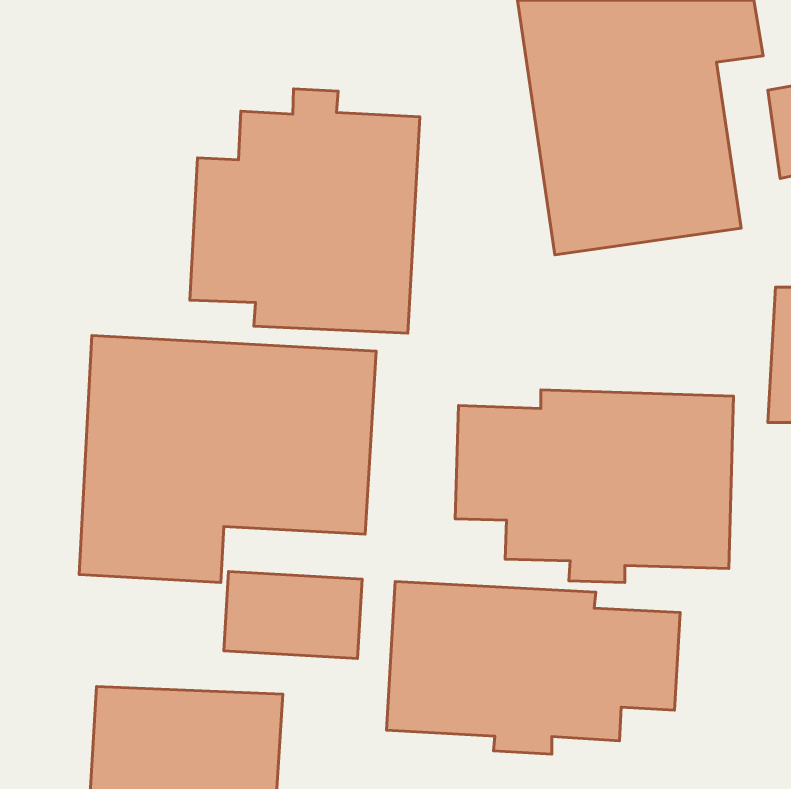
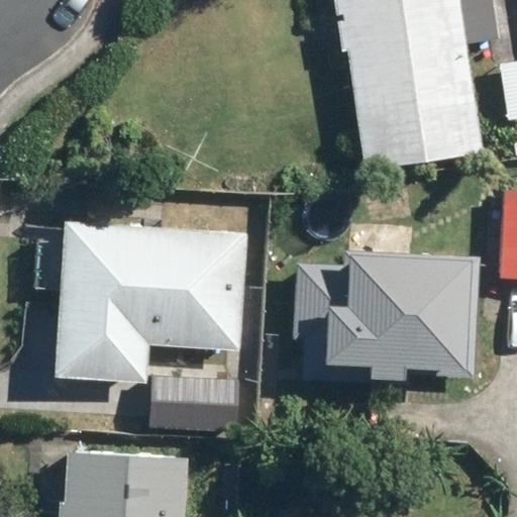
building: [190,89,420,333] -> none
building: [387,581,680,754] -> none

